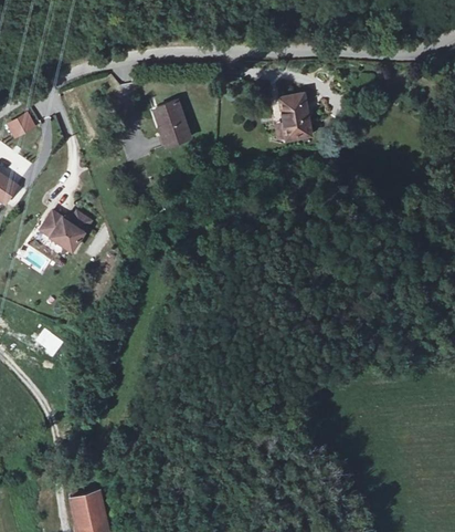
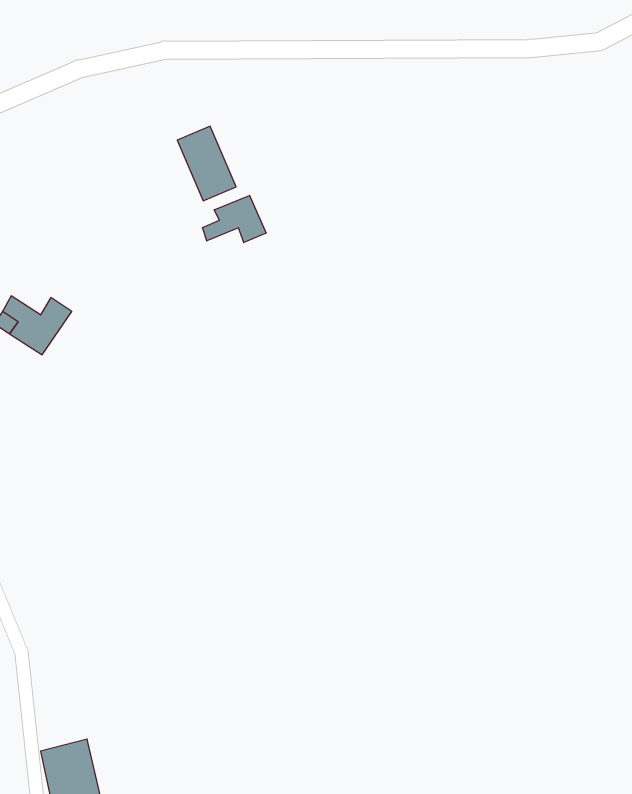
building: [278,92,310,138] -> none
building: none -> [203,195,266,243]

